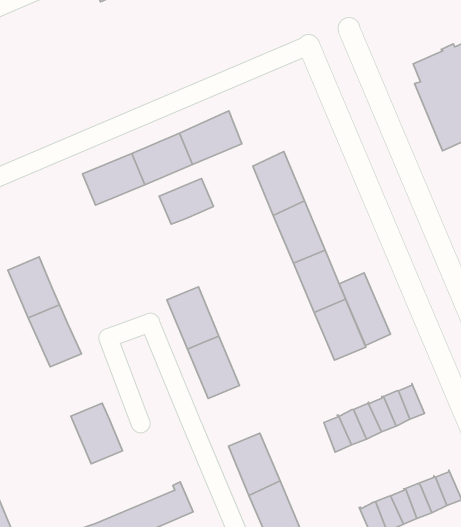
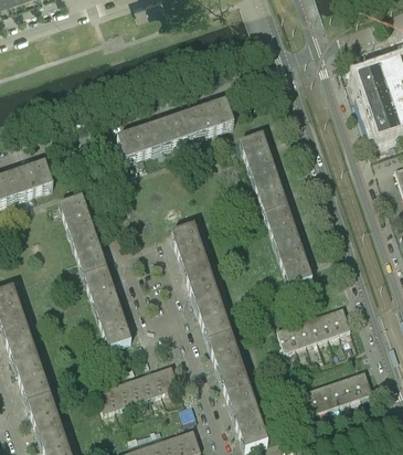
building: [159,179,214,224] -> none
building: [339,273,391,345] -> none
building: none -> [84,265,119,309]
building: none -> [195,296,231,339]

